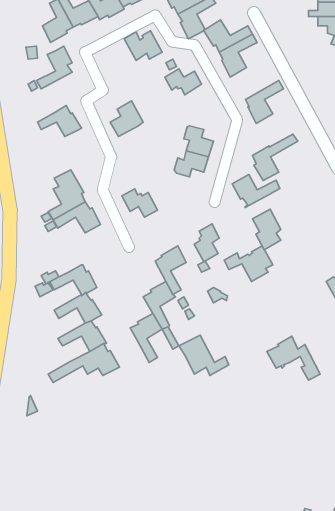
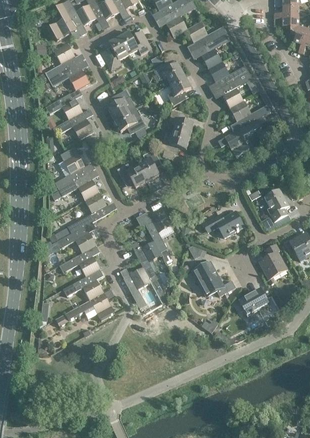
building: none -> [100,36,128,69]
building: none -> [207,60,248,87]
building: none -> [48,64,89,89]
building: none -> [166,74,190,104]
building: none -> [113,106,144,131]
building: none -> [52,112,93,138]
building: [232,174,280,208] -> [229,99,269,127]
building: [252,209,281,250] -> [263,187,287,221]
building: [194,224,219,262] -> [138,148,159,180]
building: none -> [67,192,107,232]
building: none -> [257,243,286,278]
building: [179,335,229,375] -> [192,261,234,295]

